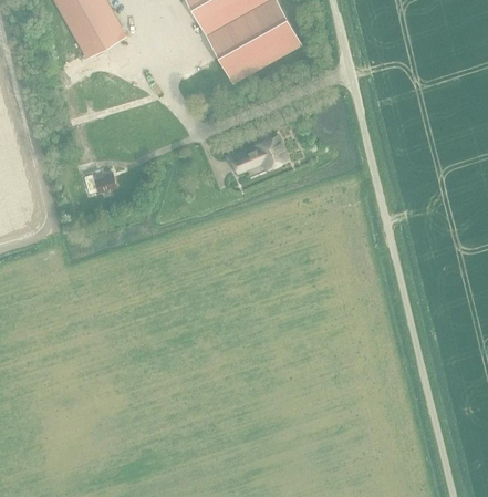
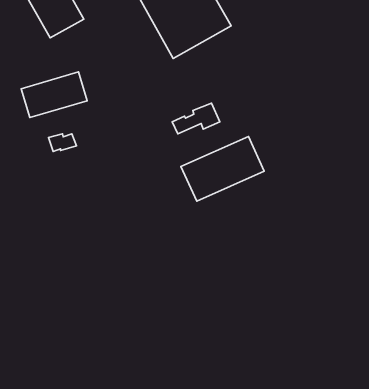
building: none -> [21,72,87,118]
building: none -> [181,136,264,201]

